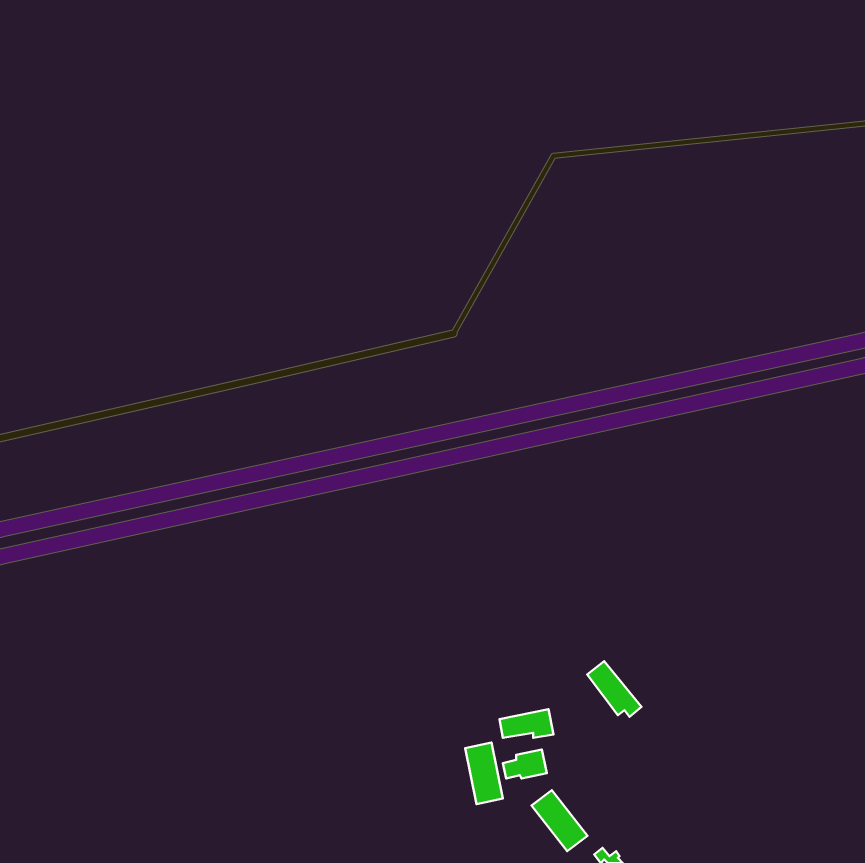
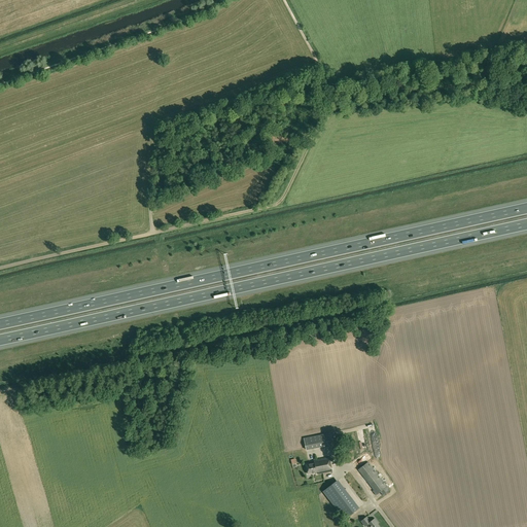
building: [587,661,641,717] -> [357,461,390,495]
building: [465,742,503,804] -> none

